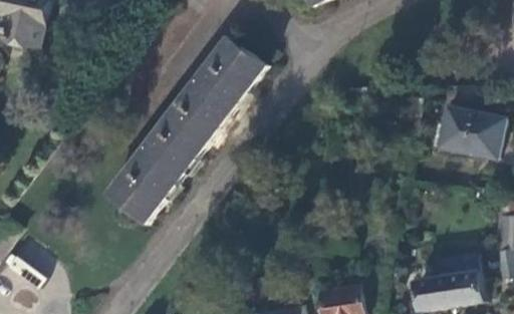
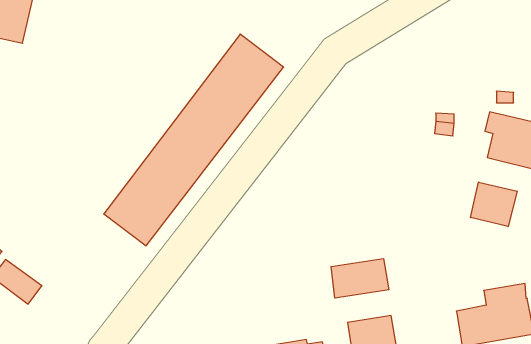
building: none -> [471,182,517,227]
building: none -> [331,259,389,298]

